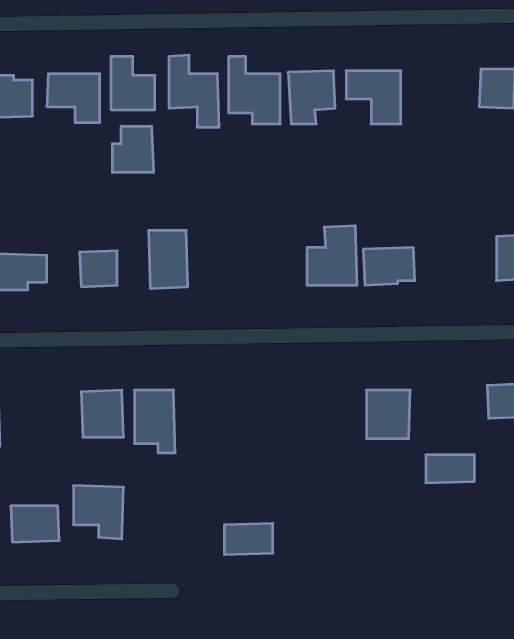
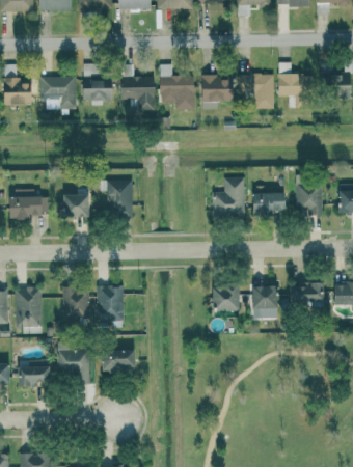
building: none -> [277,74,311,109]
building: [112,126,153,173] -> none
building: none -> [295,183,323,215]
building: none -> [210,285,238,311]
building: none -> [15,289,43,333]
building: [426,455,474,483] -> [290,284,322,303]
building: [224,523,273,555] -> [101,350,133,370]

